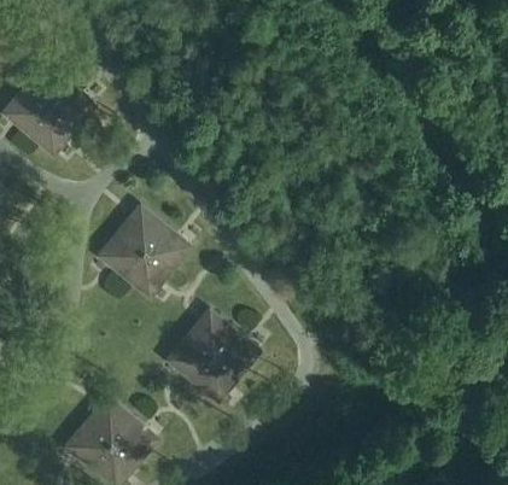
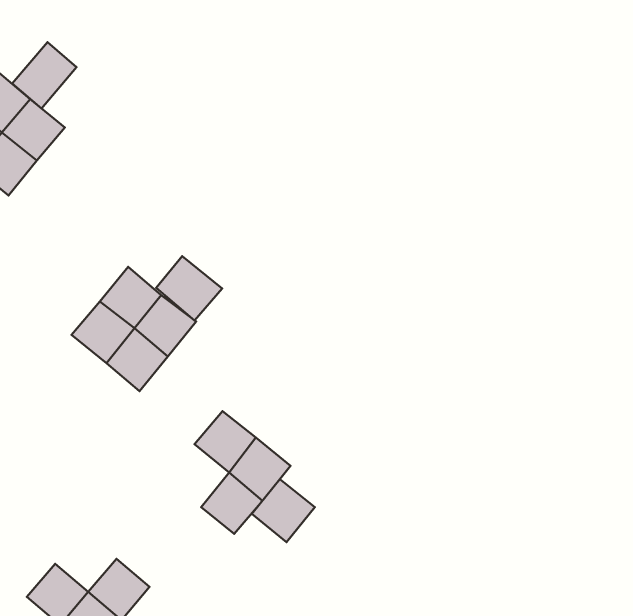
building: none -> [12,42,77,108]
building: none -> [156,256,222,320]
building: [167,334,212,380] -> [252,479,315,542]
building: [86,397,130,442] -> none

